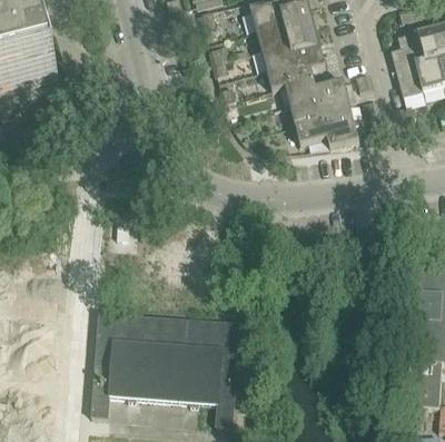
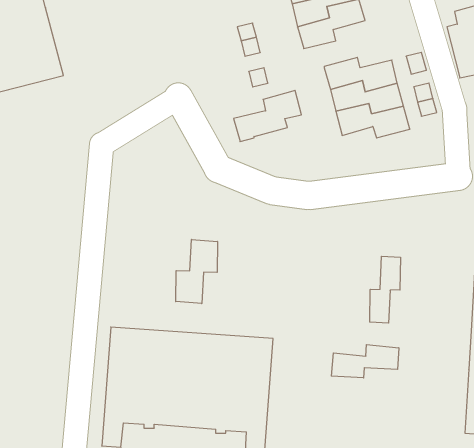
building: [267,43,326,88] -> [234,90,301,142]
building: none -> [176,239,217,304]
building: none -> [370,256,400,323]
building: none -> [331,345,399,378]

